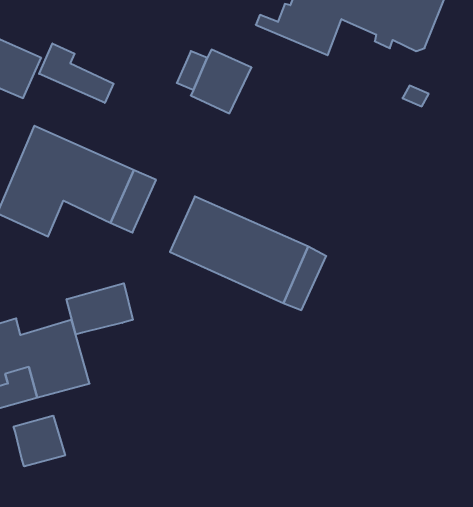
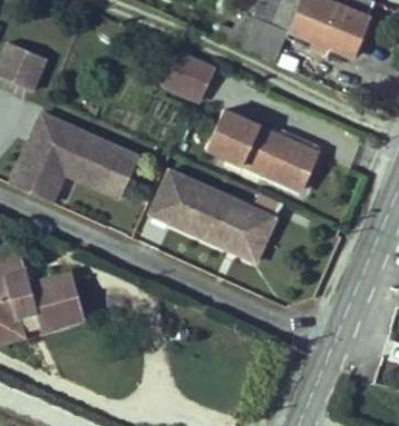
building: [39,43,114,103] -> none
building: none -> [208,115,317,190]
building: [67,283,133,335] -> none
building: [14,416,65,466] -> none

